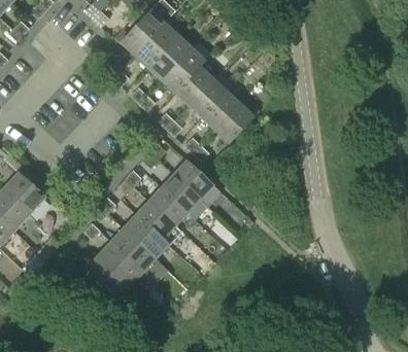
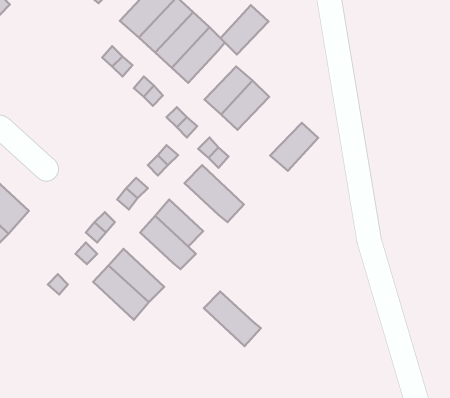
building: [175,66,214,106] -> [220,5,269,55]
building: [215,104,254,143] -> [270,123,318,171]
building: [160,174,200,213] -> none
building: [123,214,169,258] -> [204,292,261,346]
building: [86,254,131,298] -> none

